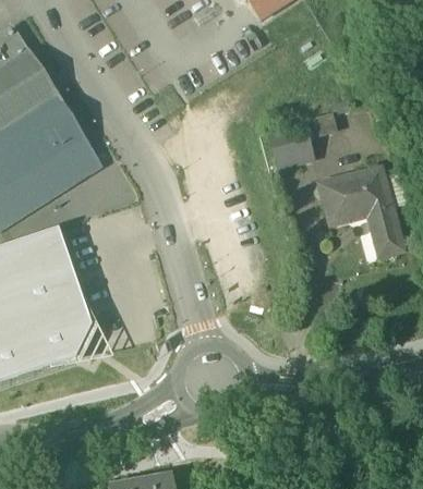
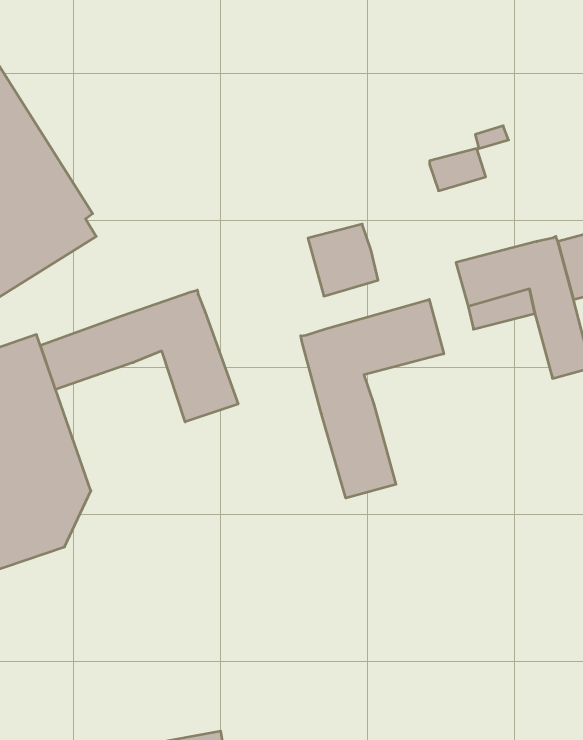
building: [269,122,313,167] -> [308,224,378,296]
building: none -> [40,290,238,422]
building: none -> [301,299,444,498]

